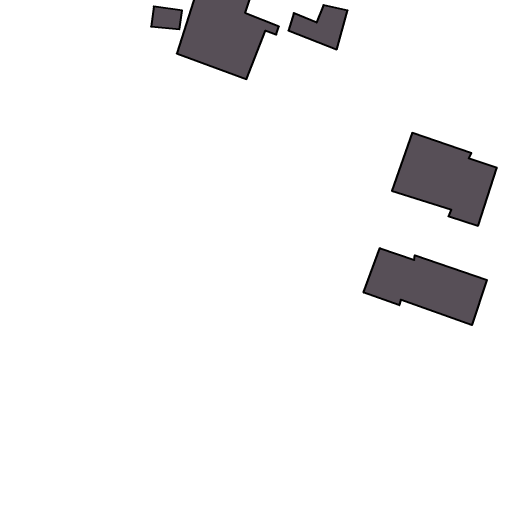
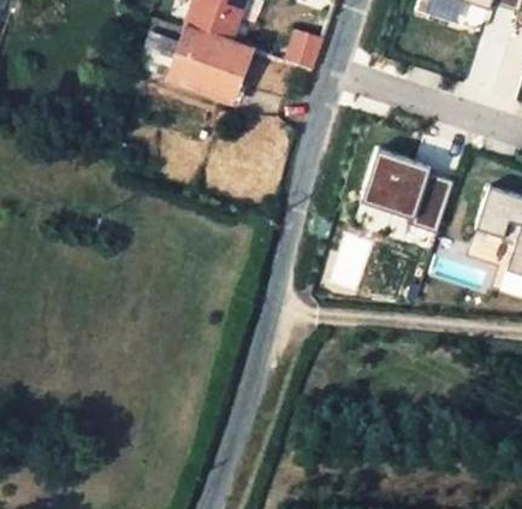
building: [364,248,487,325] -> none

